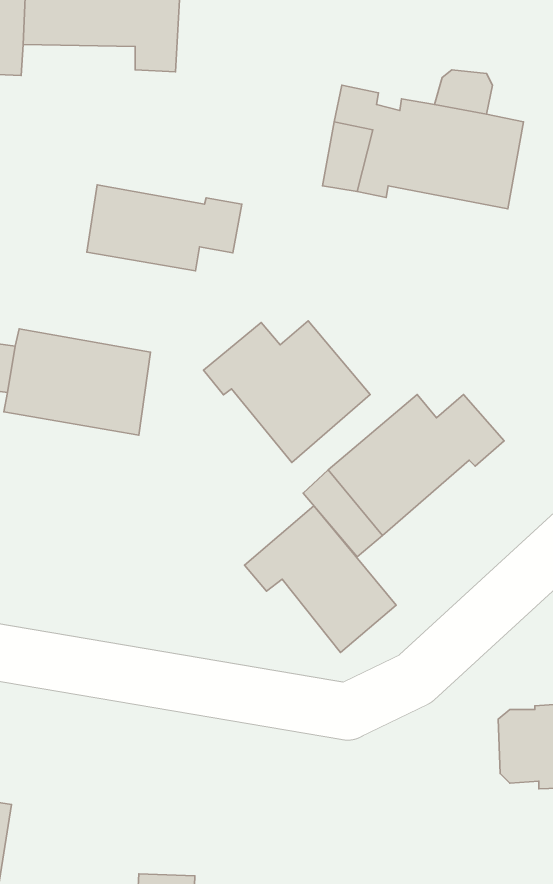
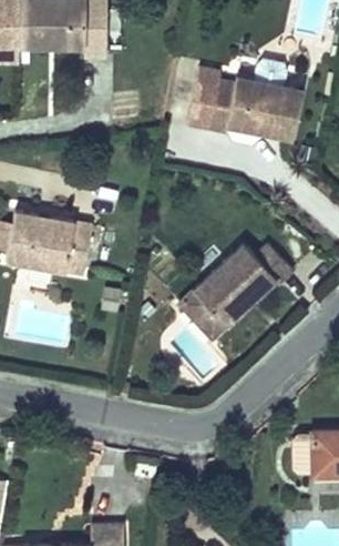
building: [87,185,242,271] -> none
building: [203,321,370,462] -> none
building: [245,506,396,652] -> none

